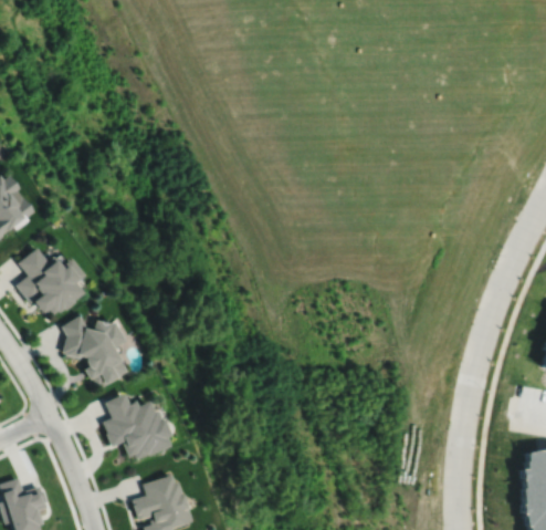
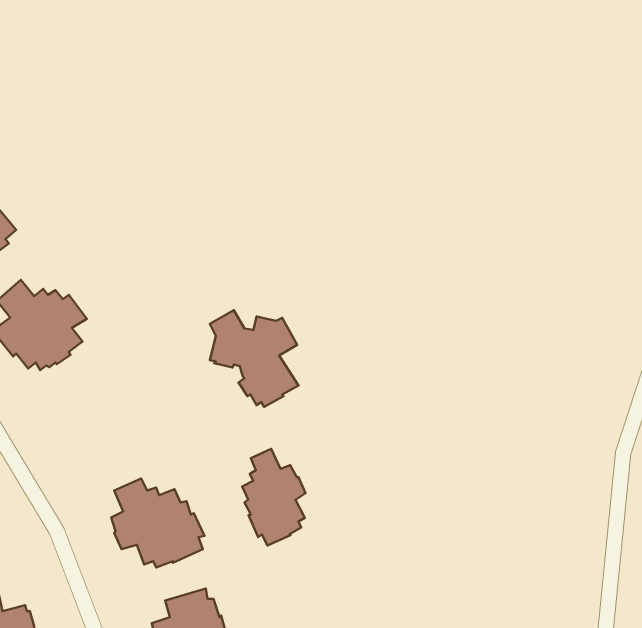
building: [62,316,127,387] -> [210,310,299,407]
building: none -> [242,449,306,545]

